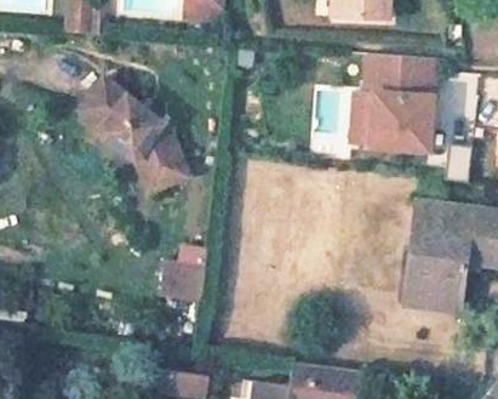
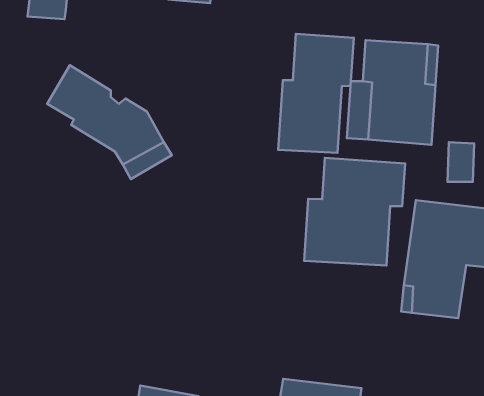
building: none -> [278,34,354,153]
building: none -> [304,158,405,265]
building: [161,263,202,304] -> none

